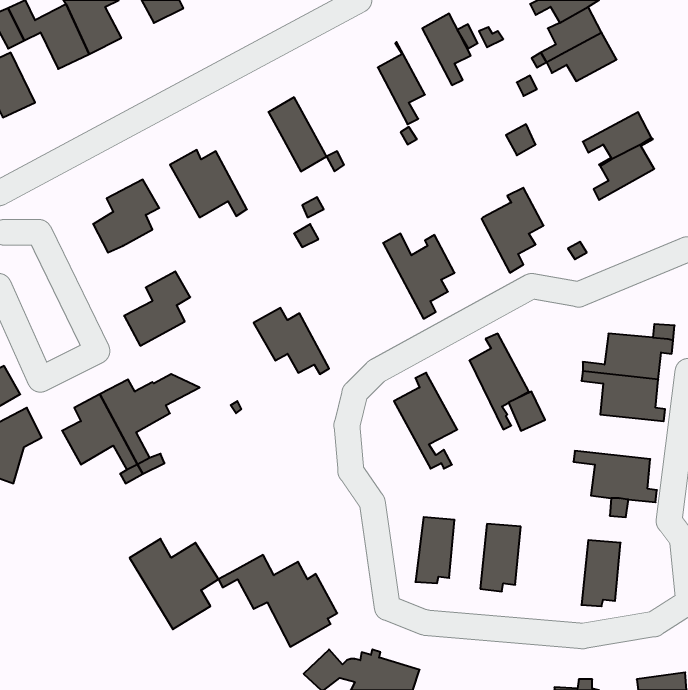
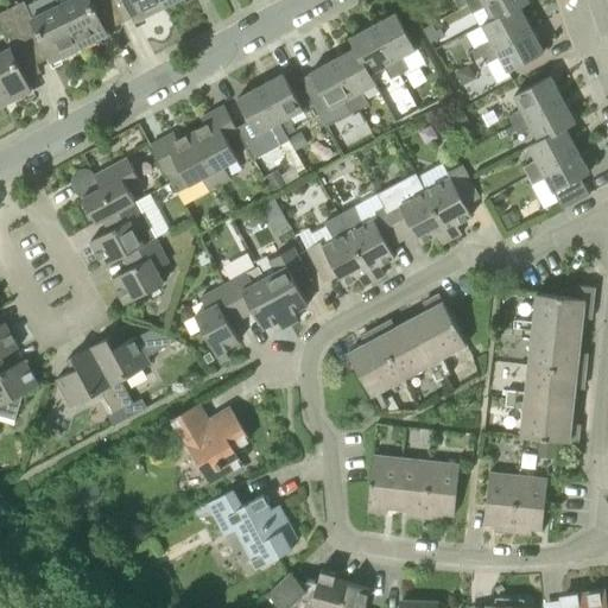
building: none -> [349,25,398,83]
building: none -> [309,59,359,114]
building: none -> [259,72,303,135]
building: none -> [508,75,562,125]
building: none -> [190,104,239,184]
building: none -> [527,148,589,208]
building: none -> [375,172,449,245]
building: none -> [89,202,154,266]
building: none -> [306,214,373,285]
building: none -> [264,247,310,324]
building: none -> [194,284,242,362]
building: none -> [375,317,443,382]
building: none -> [506,365,584,404]
building: none -> [395,457,429,518]
building: none -> [483,471,518,532]
building: [130,539,219,629] -> [171,403,249,482]

